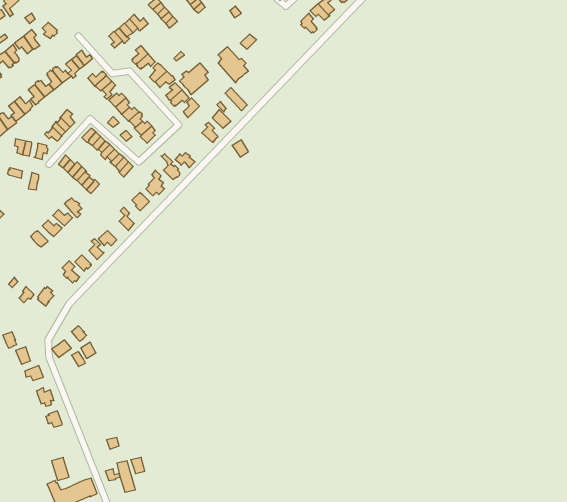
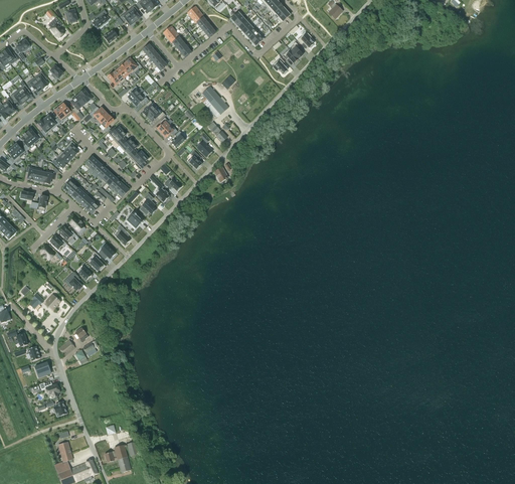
building: [180,63,208,95] -> none

